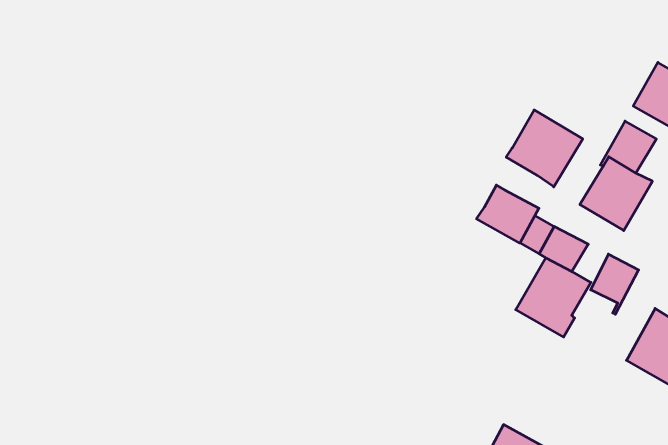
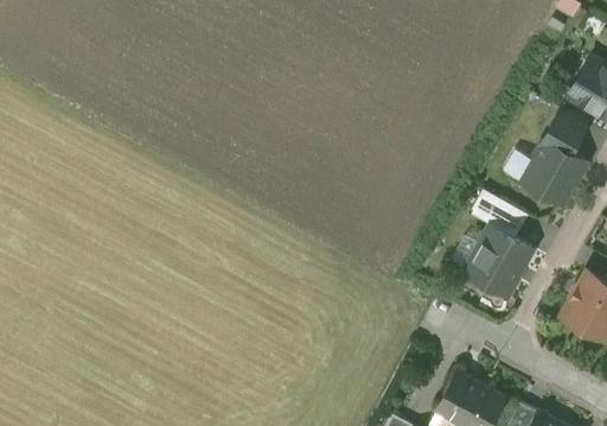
building: [506,110,583,187] -> none
building: [477,185,539,243] -> none
building: [591,254,639,314] -> none

